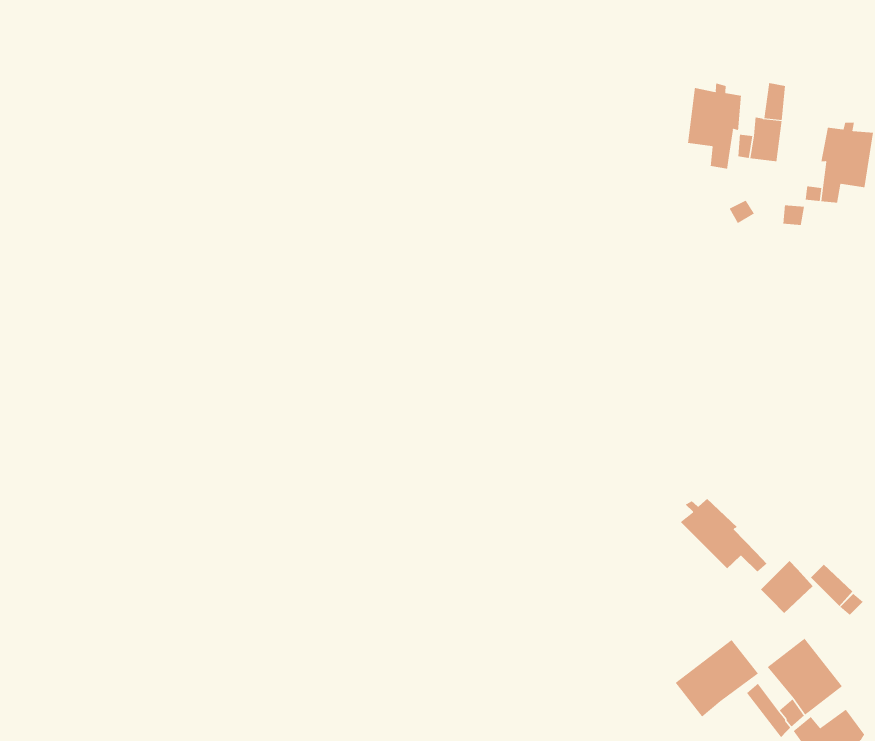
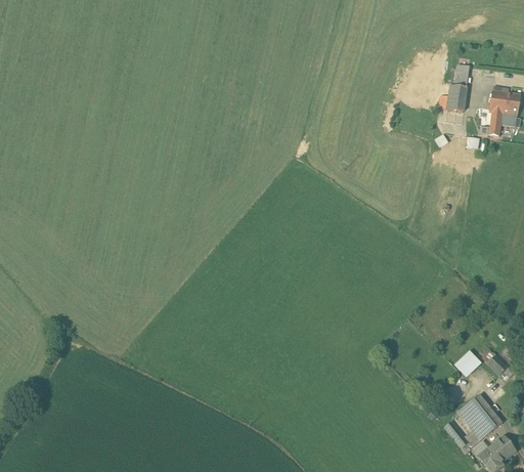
building: [688,82,741,170] -> none
building: [680,498,768,572] -> none
building: [675,639,759,718] -> none

